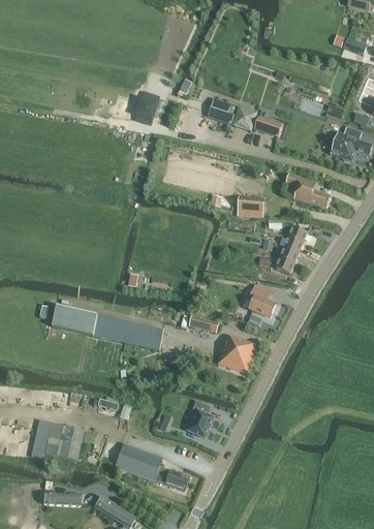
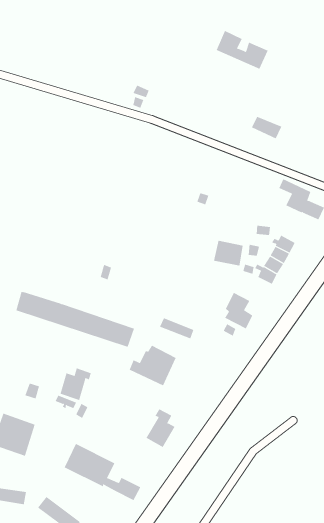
building: [208,96,257,129] -> [216,30,269,69]
building: [237,195,263,217] -> [213,240,244,266]
building: [212,335,255,372] -> [129,345,177,386]
building: none -> [60,367,91,401]

